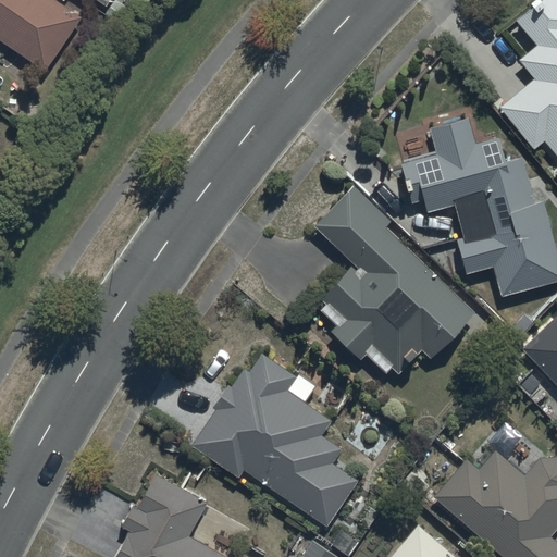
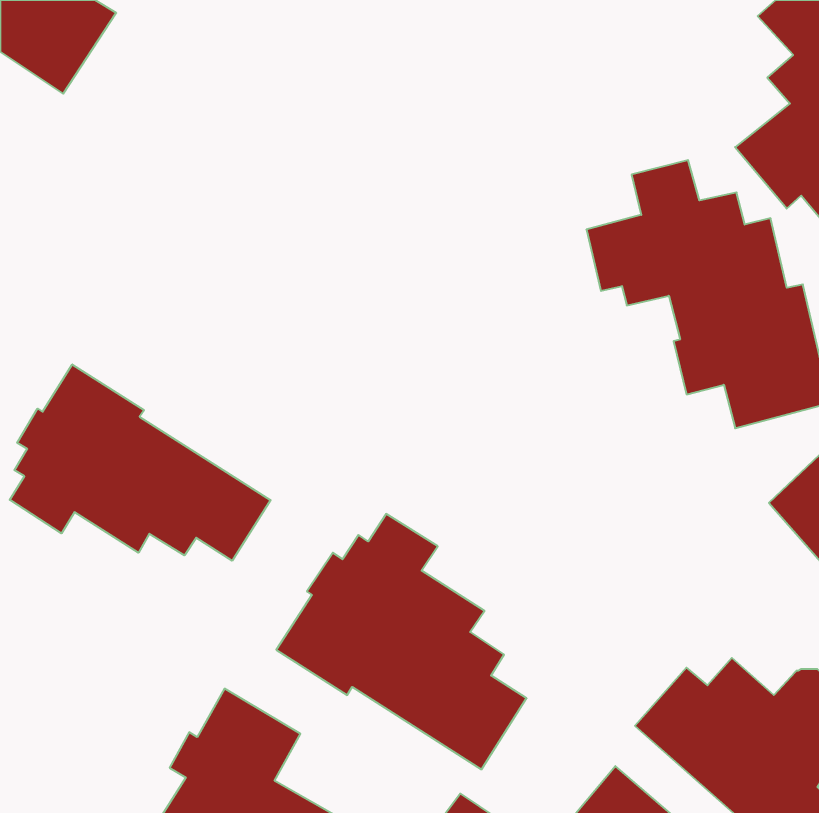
building: [317,185,475,375] -> none
building: none -> [10,364,271,561]

